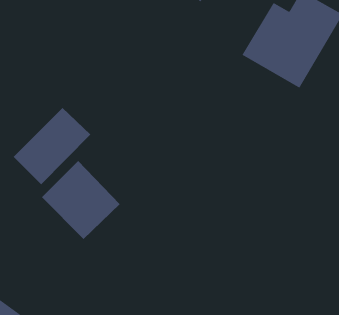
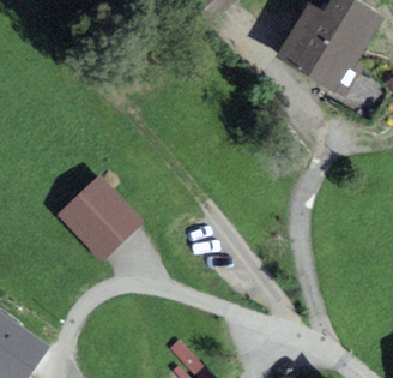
building: [13,107,91,185] -> none

